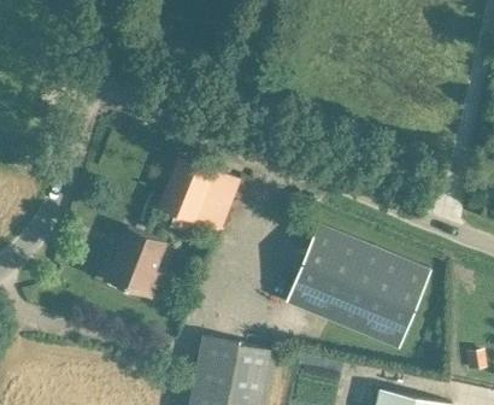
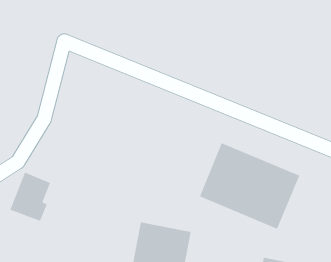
building: [159,157,241,233] -> none
building: [107,228,166,299] -> [9,172,51,221]

